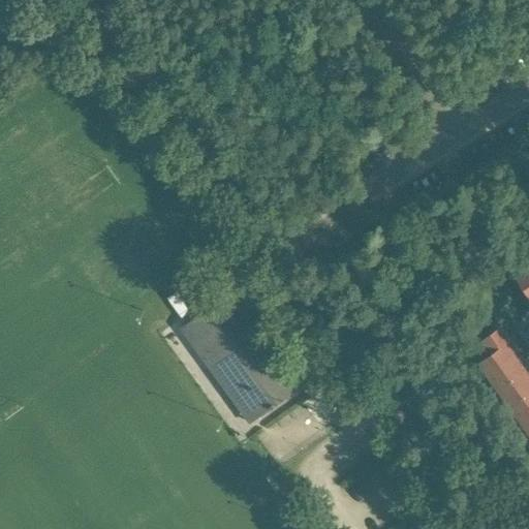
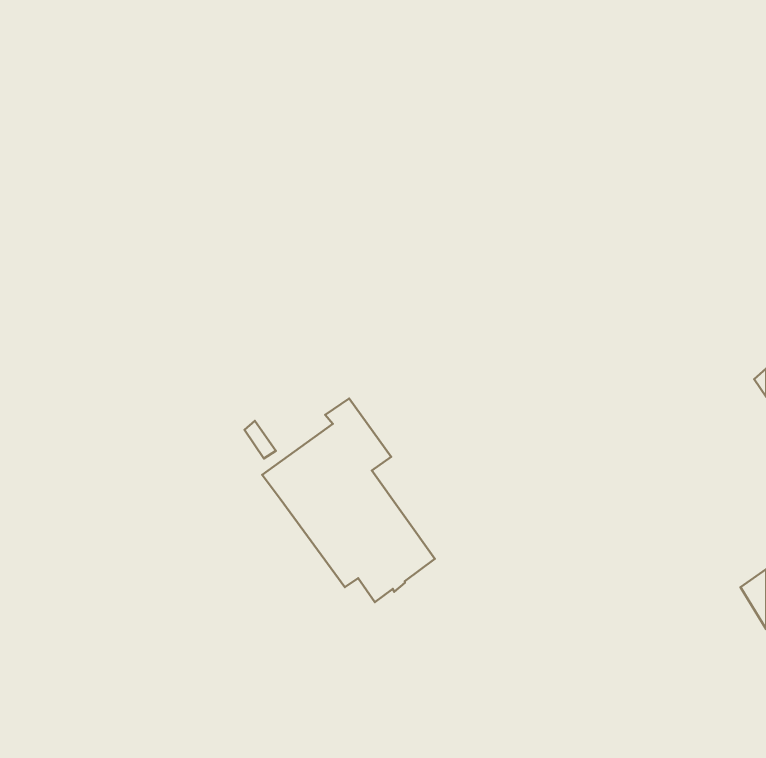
building: [472,342,519,394] -> none

